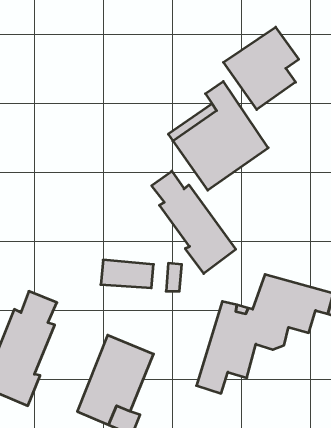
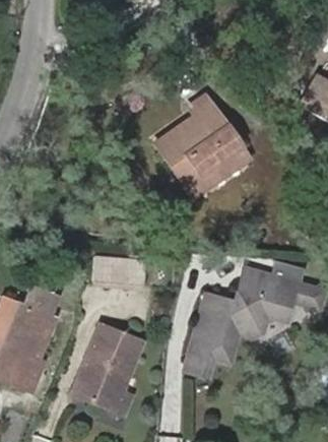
building: [223,27,299,110] -> none
building: [152,171,236,274] -> none

